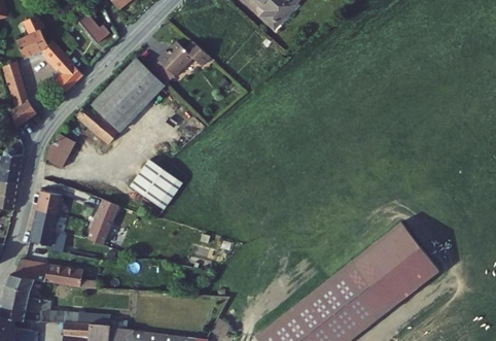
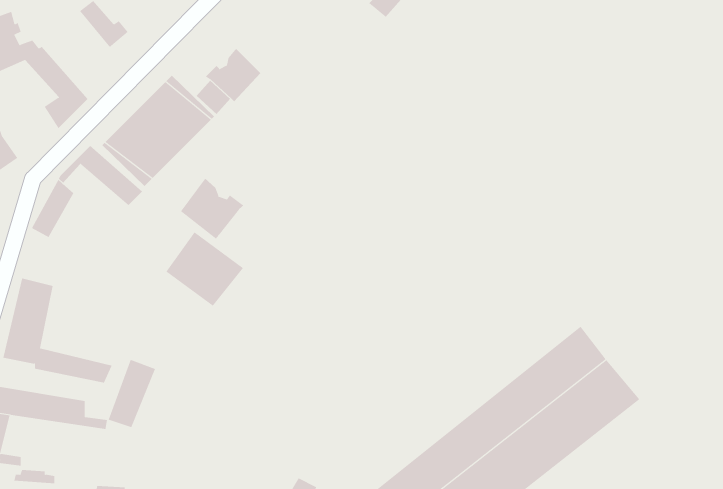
building: none -> [180,178,245,240]
building: [86,200,117,244] -> [108,359,156,428]

